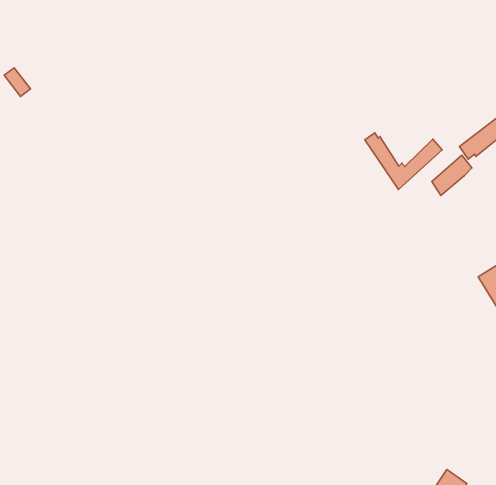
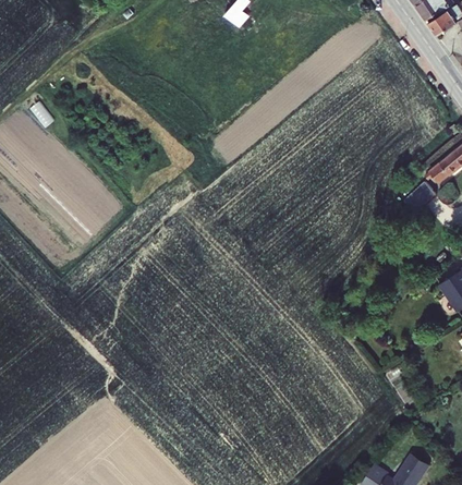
building: [365,133,442,189] -> none

